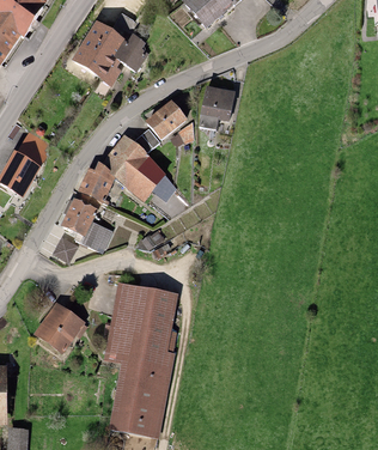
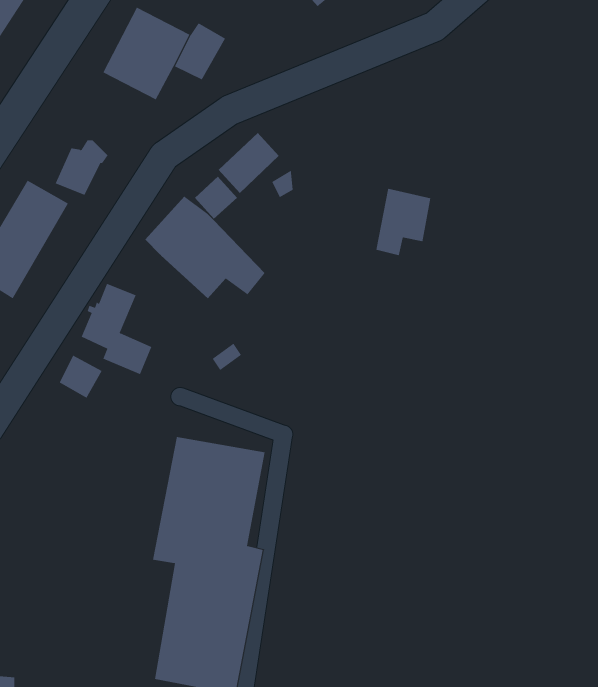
building: [199,86,232,127] -> [376,188,431,256]
building: [79,164,111,197] -> [55,140,109,195]
building: [35,302,81,349] -> none

